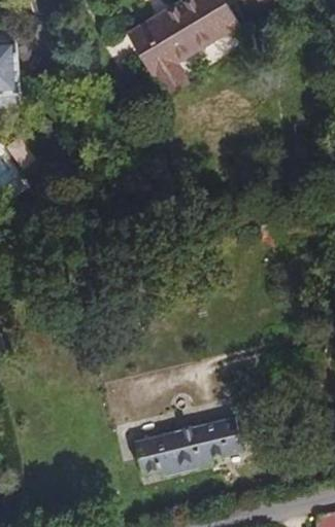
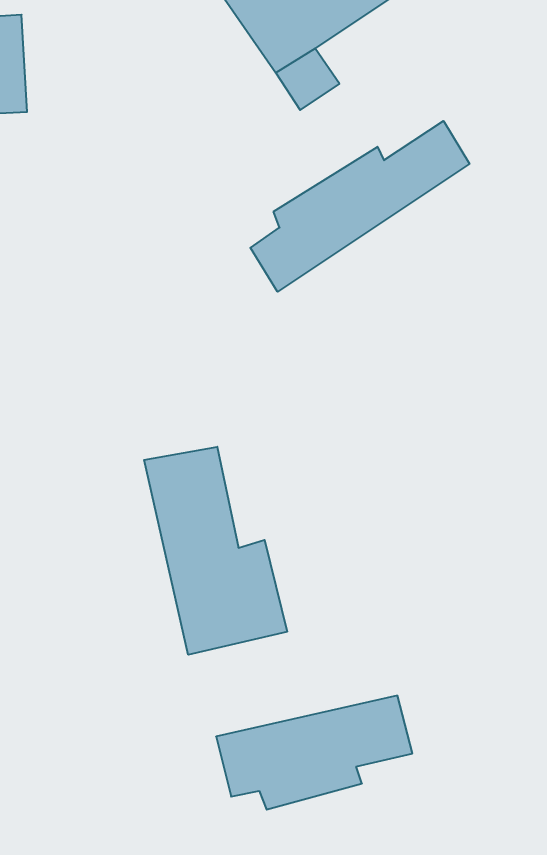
building: none -> [250,121,469,292]
building: none -> [144,447,287,655]

